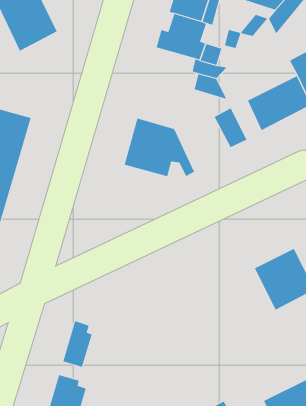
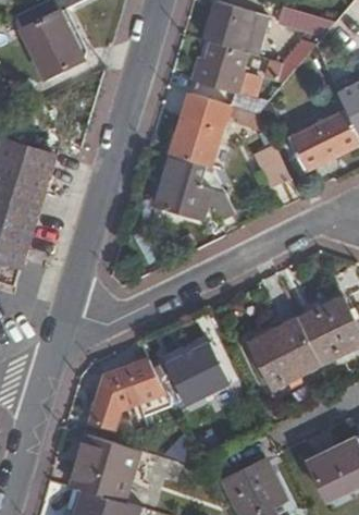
building: none -> [171,93,222,164]
building: none -> [248,318,321,389]
building: none -> [165,340,230,403]
building: none -> [103,357,163,426]

